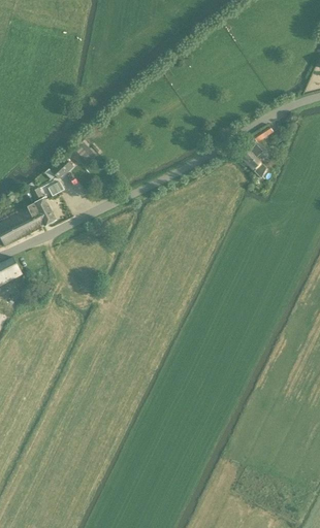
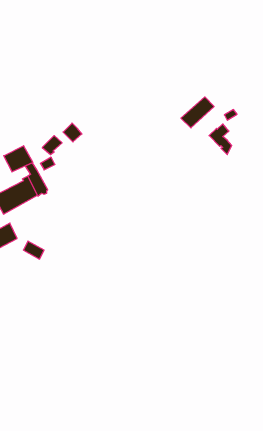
building: none -> [181,97,214,128]
building: none -> [4,146,33,172]

